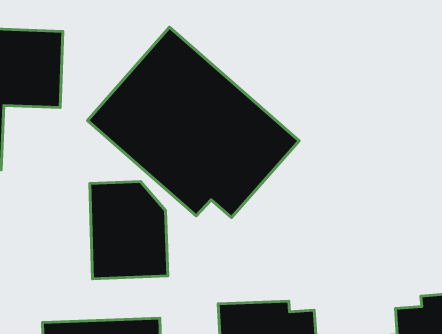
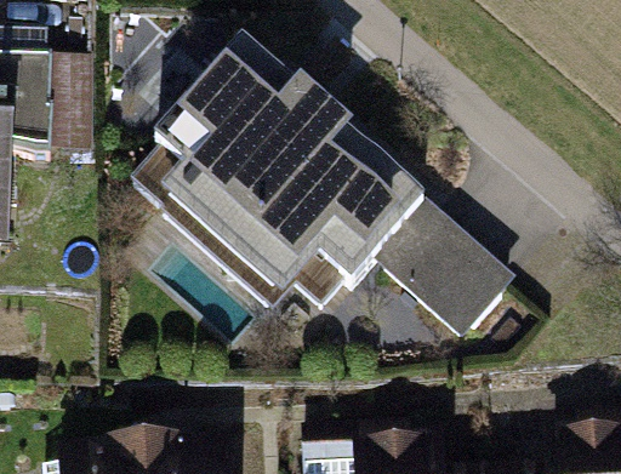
building: none -> [387,196,523,331]
building: [90,181,168,279] -> none

